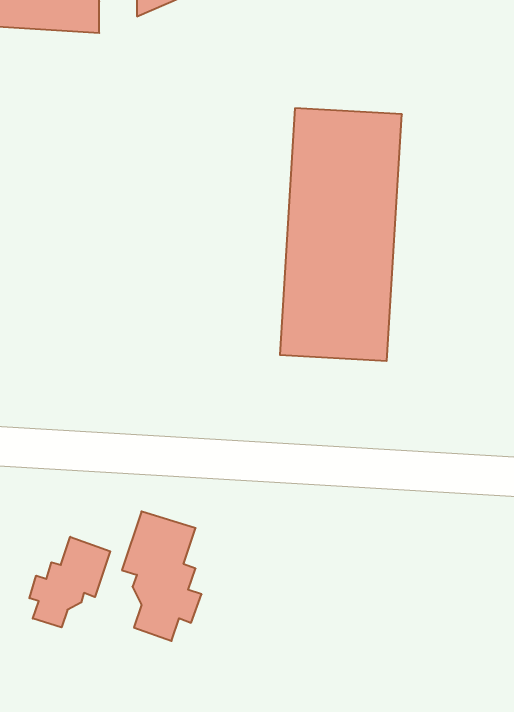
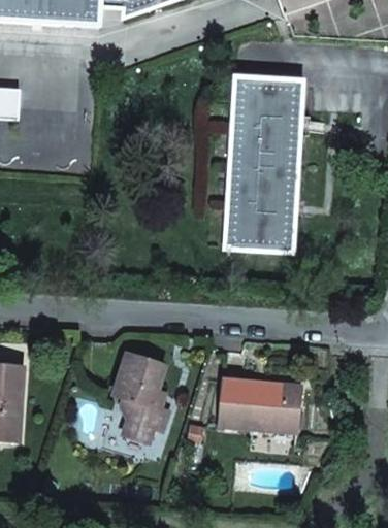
building: [29,537,110,627] -> none
building: none -> [220,378,301,429]

